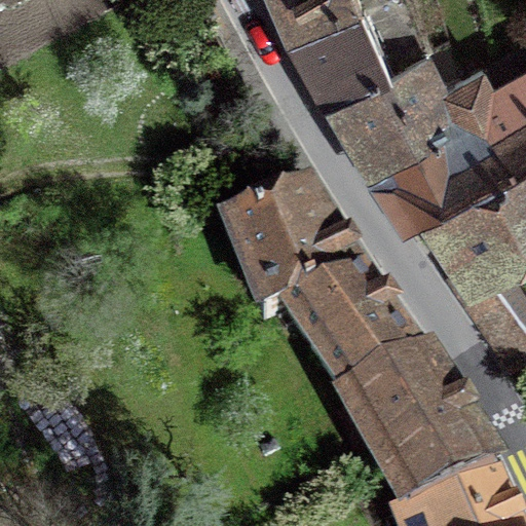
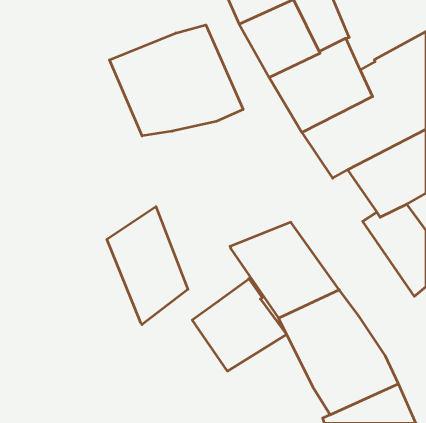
building: none -> [109,25,243,136]
building: [225,187,359,315] -> none
building: none -> [107,207,188,325]
building: none -> [192,279,287,371]

